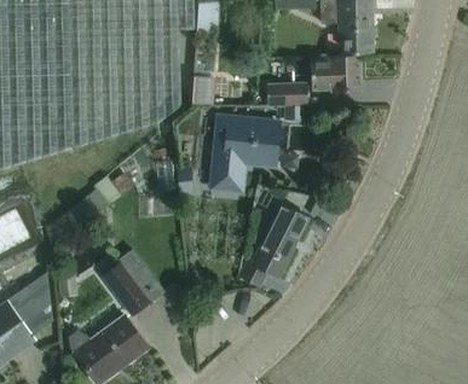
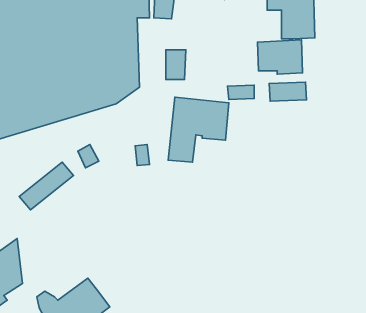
building: [266,83,307,104] -> [269,82,307,101]
building: [238,204,307,286] -> none
building: [102,248,164,316] -> none

